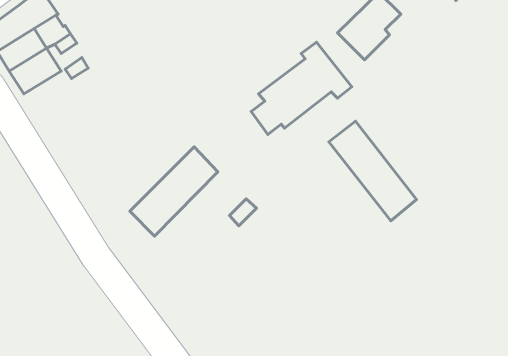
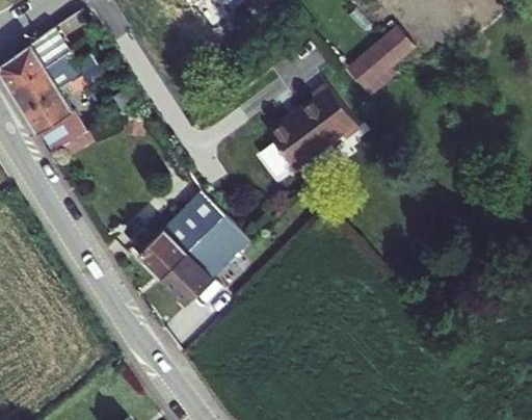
building: none -> [39,110,86,153]
building: [329,121,416,221] -> none
building: none -> [165,211,256,303]

